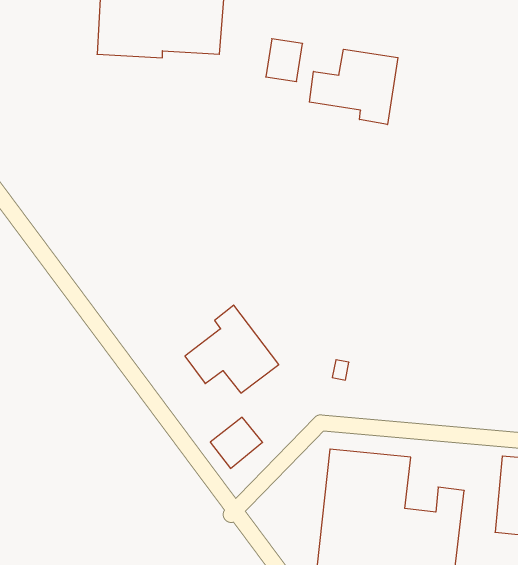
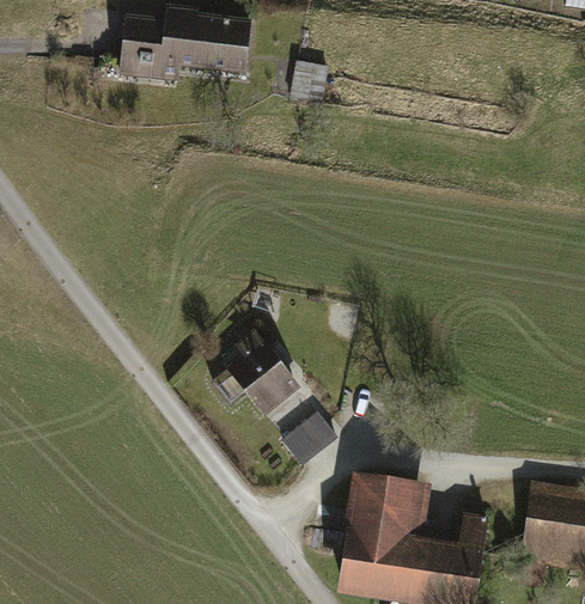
building: [309,49,398,125] -> none
building: [210,417,263,468] -> [281,413,334,464]

